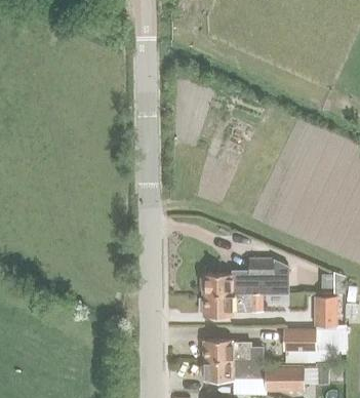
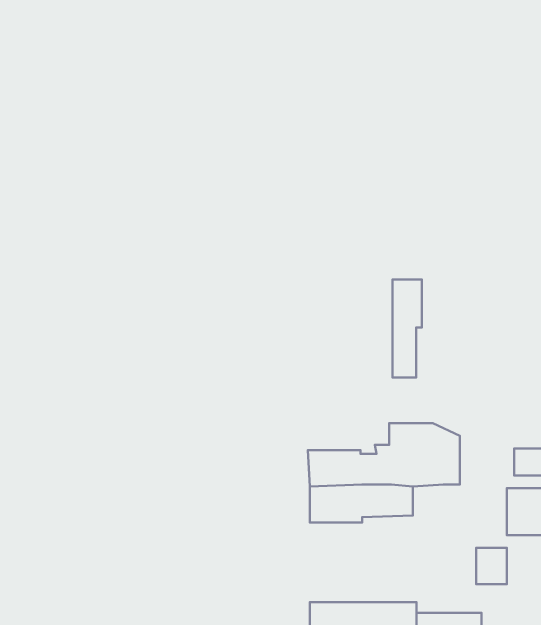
building: none -> [393,280,422,377]
building: [203,342,264,362] -> none

